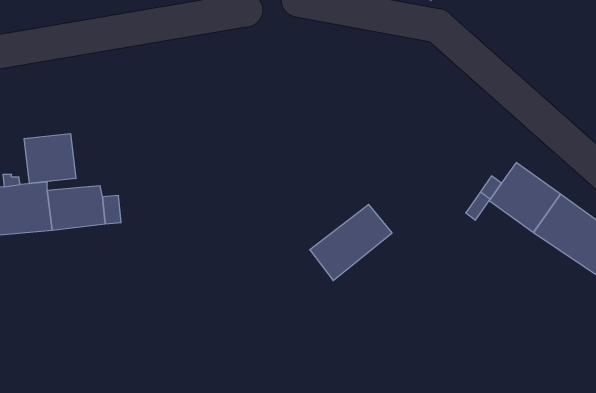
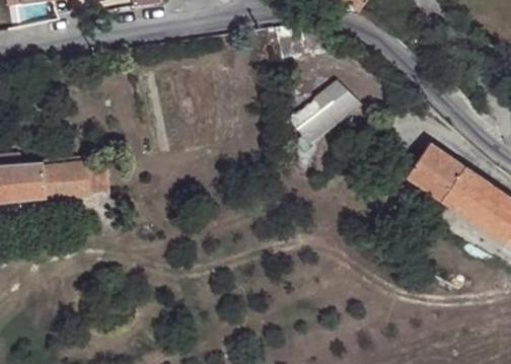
building: [24,134,76,184] -> none
building: [310,204,392,281] -> [290,84,358,147]

